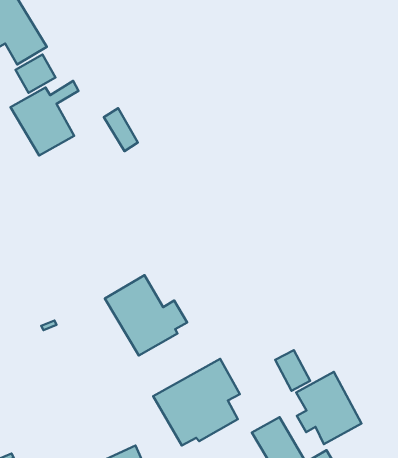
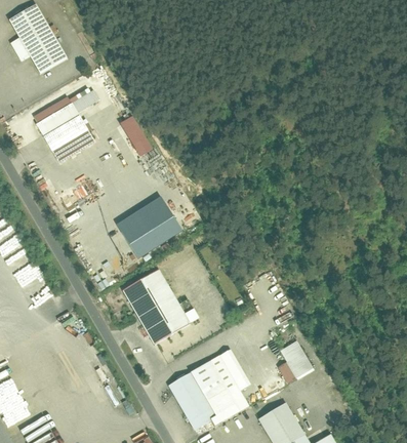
building: [16,55,56,93] -> none
building: none -> [119,198,180,255]
building: [296,372,362,444] -> none

